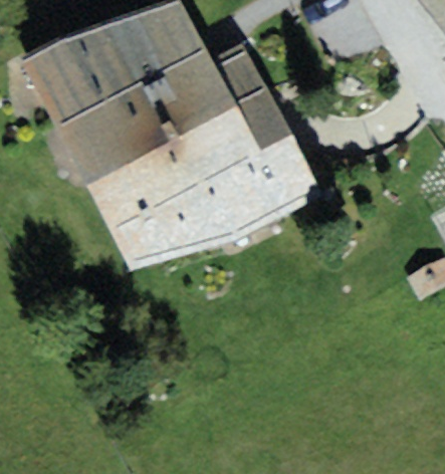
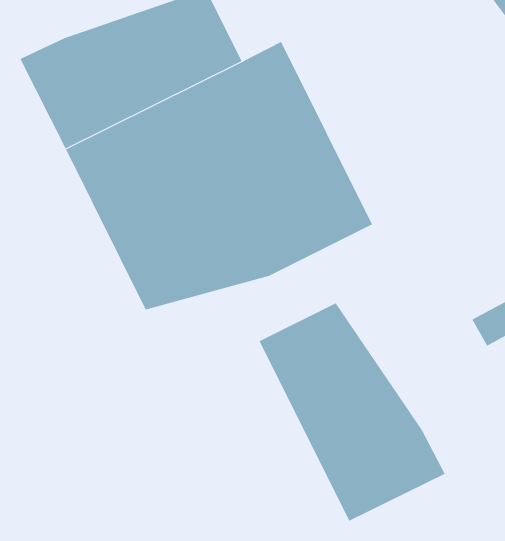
building: none -> [259,302,445,521]

